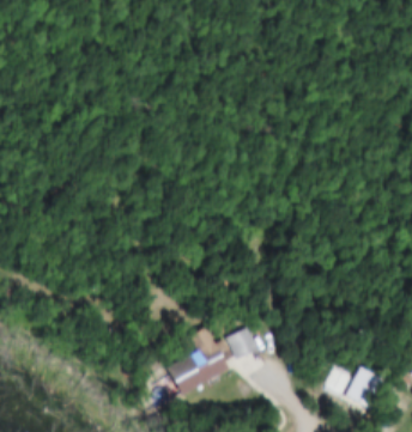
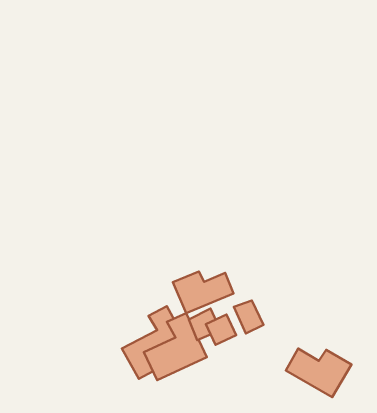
building: none -> [173,271,234,313]
building: none -> [234,301,264,333]

